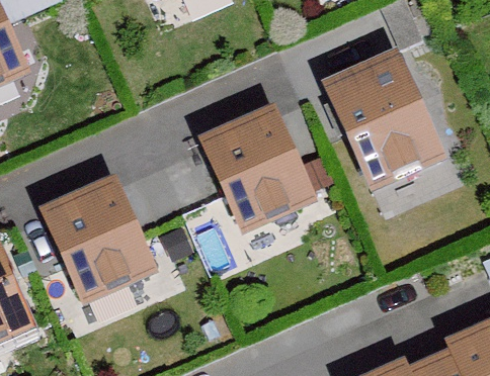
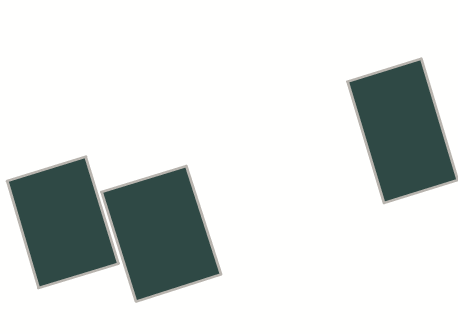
building: [209,114,322,238] -> [101,166,221,301]

